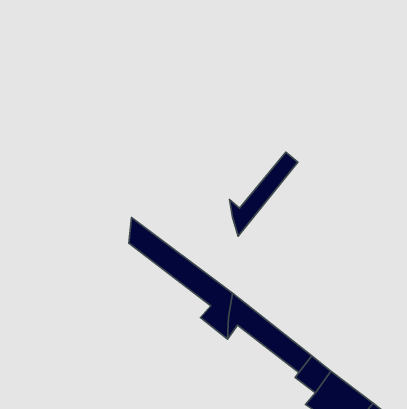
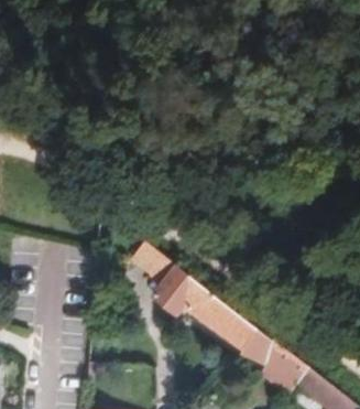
building: [230,152,298,236] -> none

